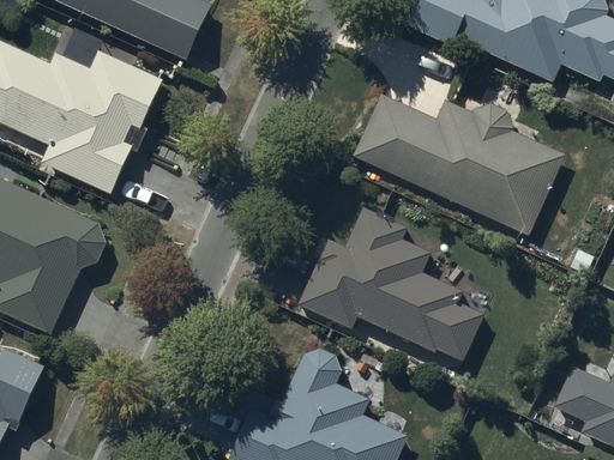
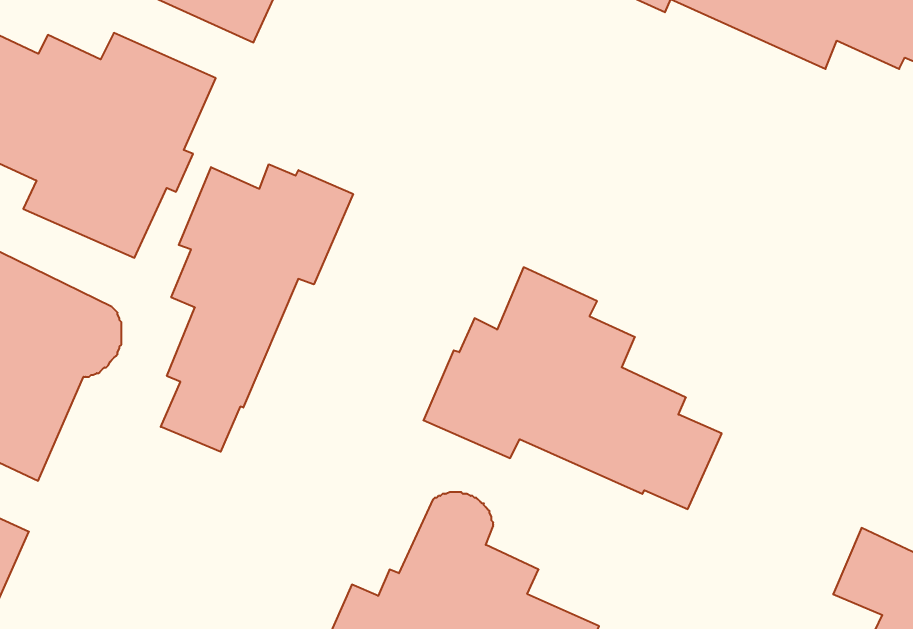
building: [351,92,562,232] -> none
building: none -> [161,164,353,452]

